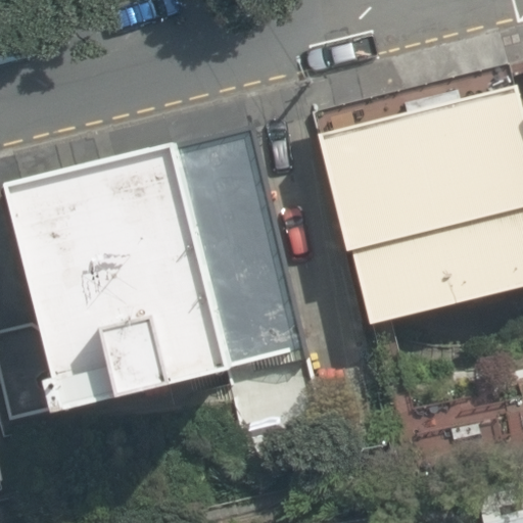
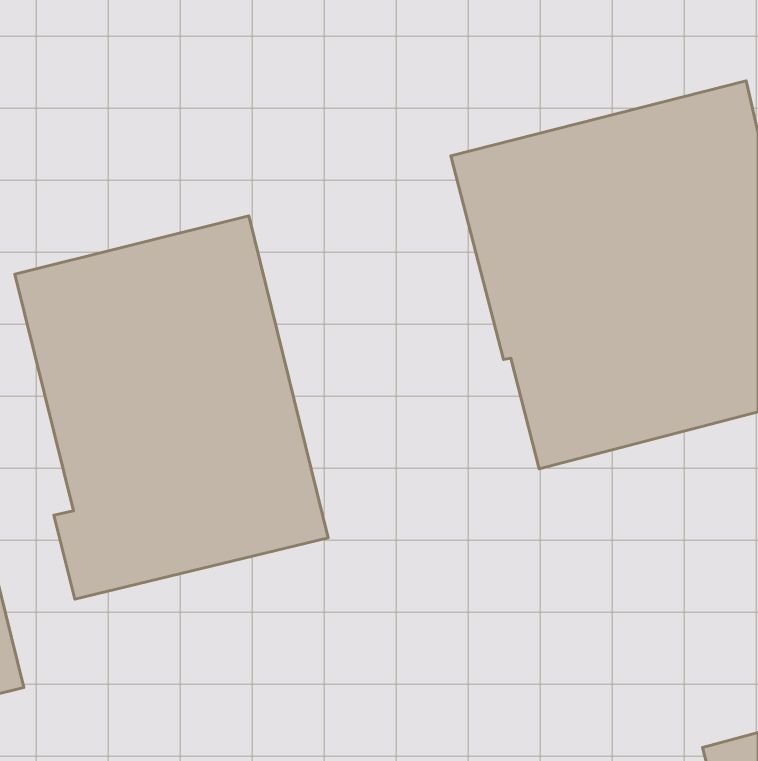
building: [170,130,304,370] -> none

